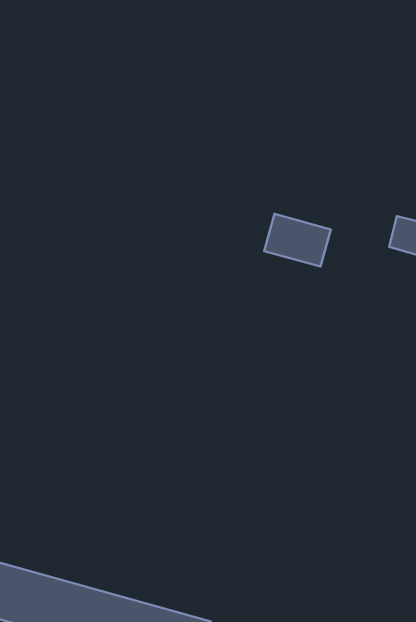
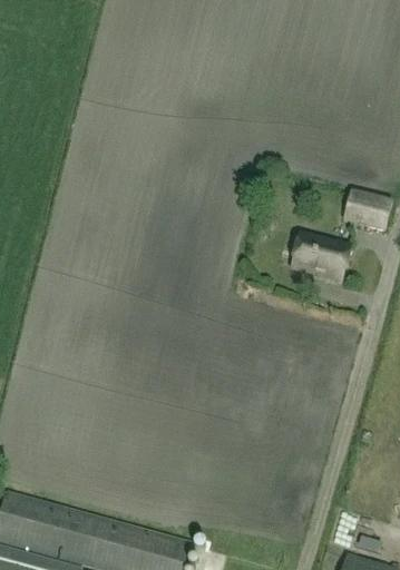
building: [264,214,331,267] -> [290,234,348,279]

